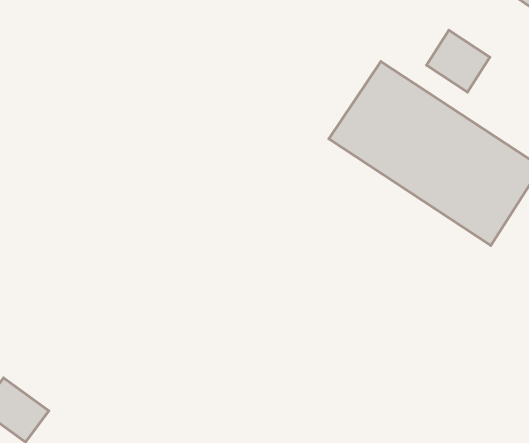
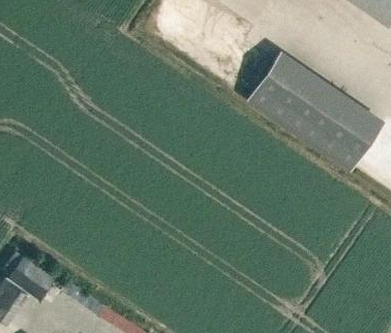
building: [426,30,490,92] -> none

